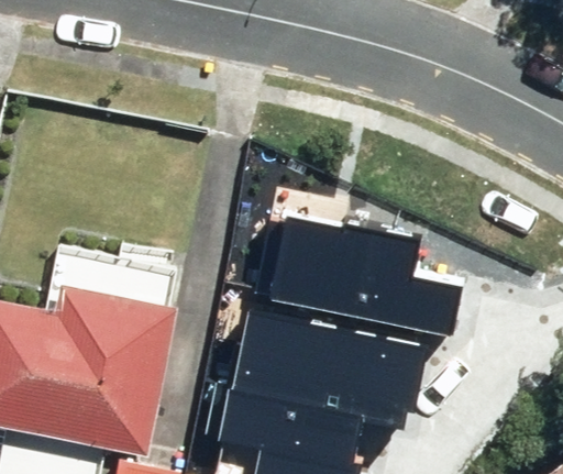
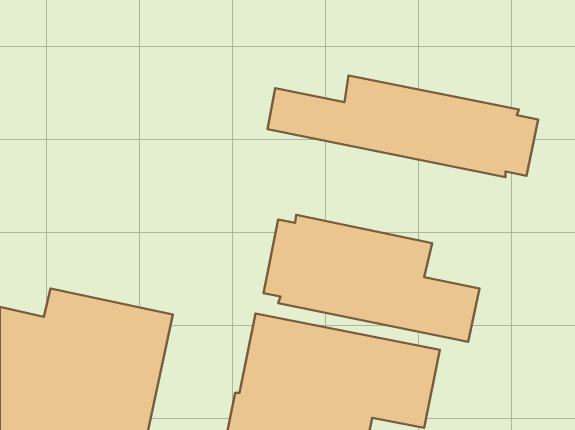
building: none -> [267,76,538,177]

